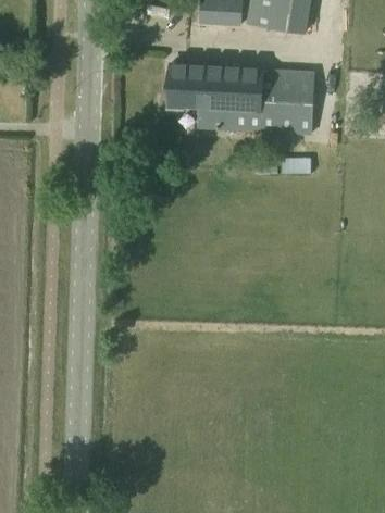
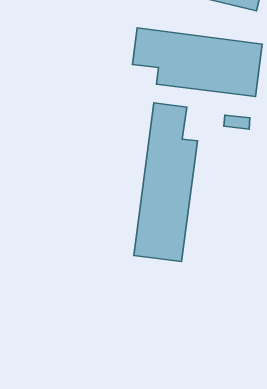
building: none -> [134,103,198,261]

